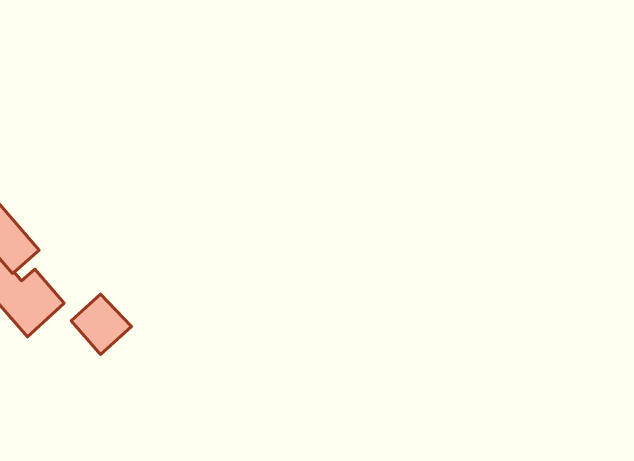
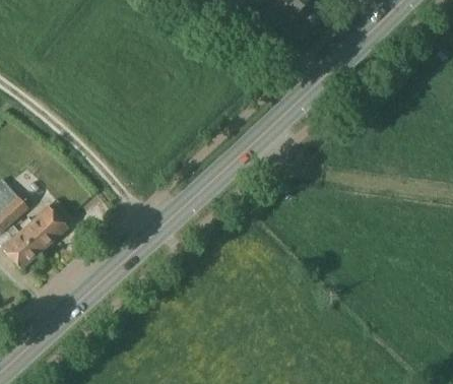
building: [71,294,131,355] -> [26,205,68,247]

